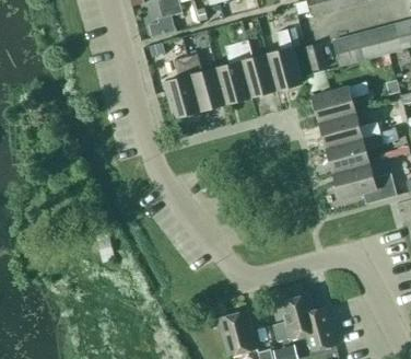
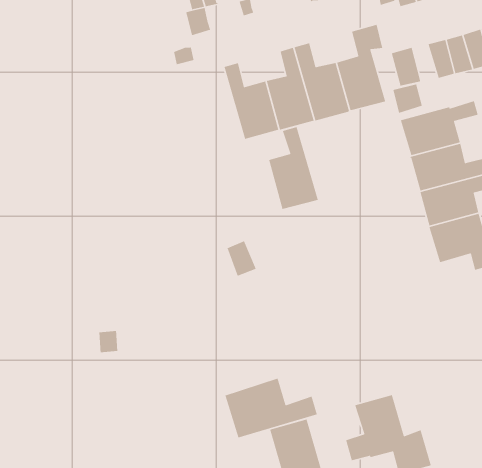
building: [165,57,201,117] -> [268,126,318,210]
building: none -> [222,378,318,438]

